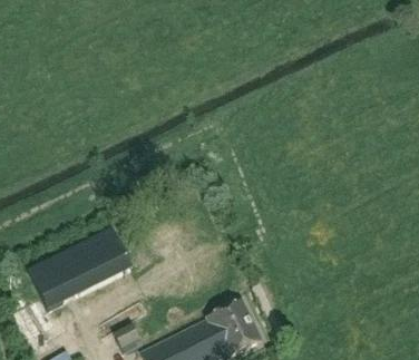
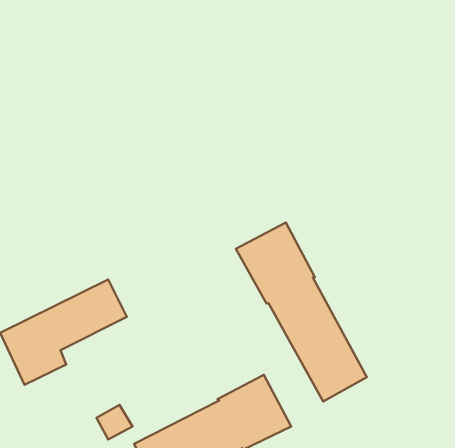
building: none -> [236,222,367,402]

